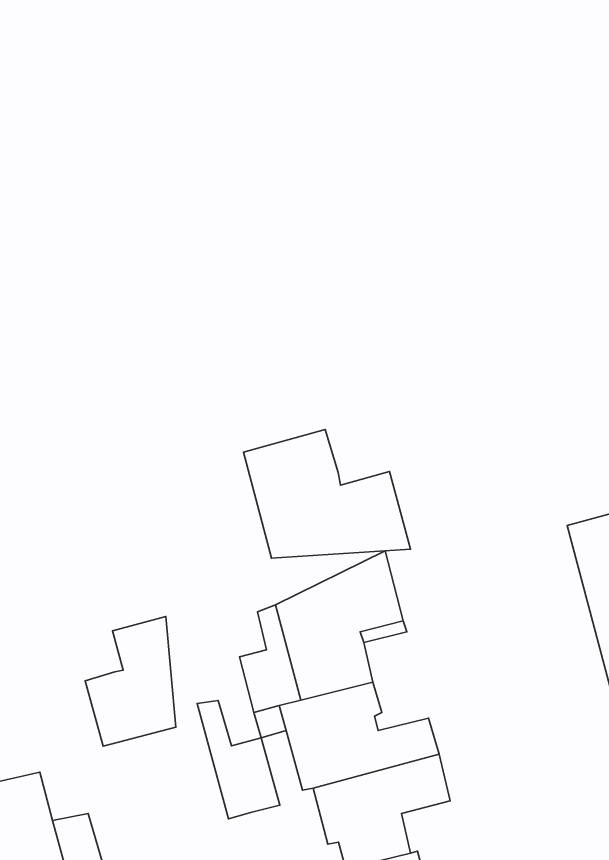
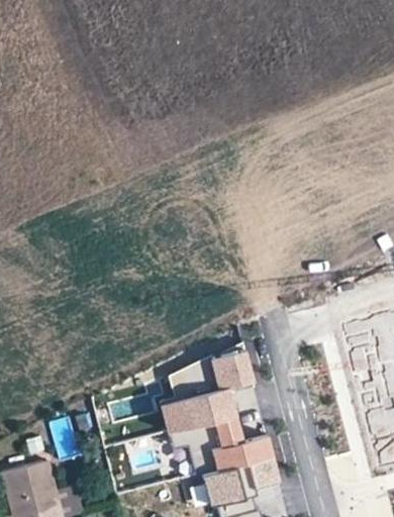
building: [243,429,411,558] -> none
building: [85,616,176,746] -> none
building: [197,701,280,819] -> none

